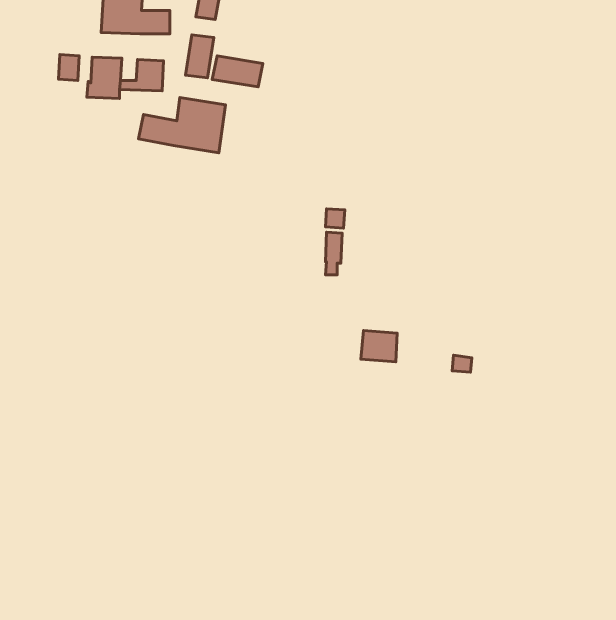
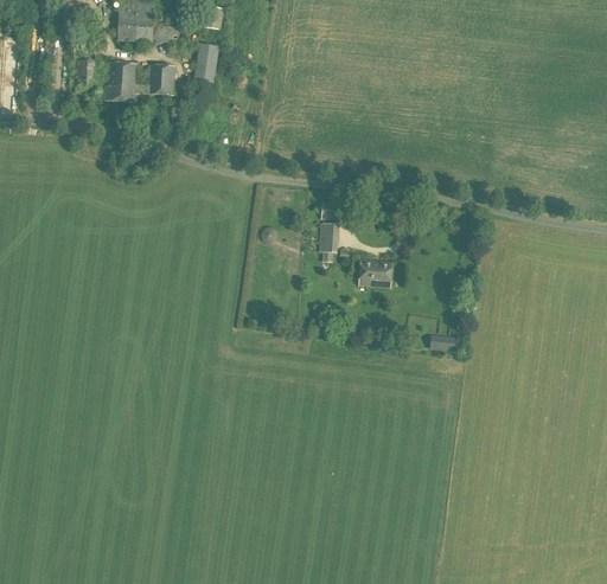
building: [212,56,263,87] -> none
building: [139,97,225,153] -> none
building: [361,331,397,362] -> [356,259,389,288]

